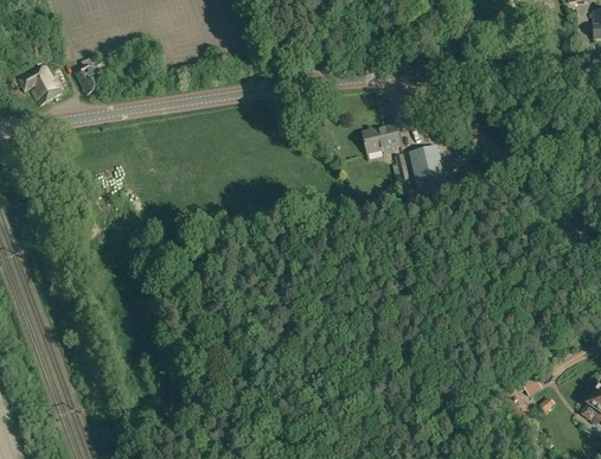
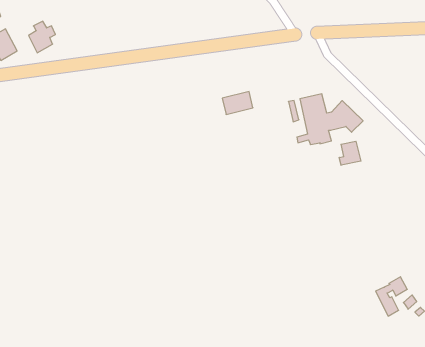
building: [363,123,401,152] -> [222,92,253,114]
building: none -> [339,141,361,165]

